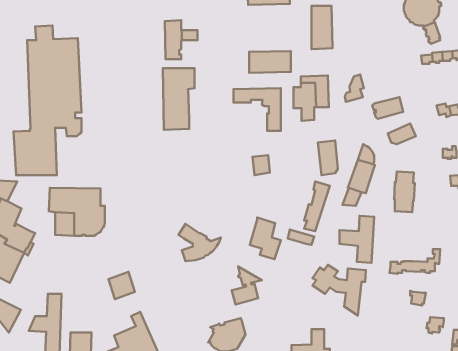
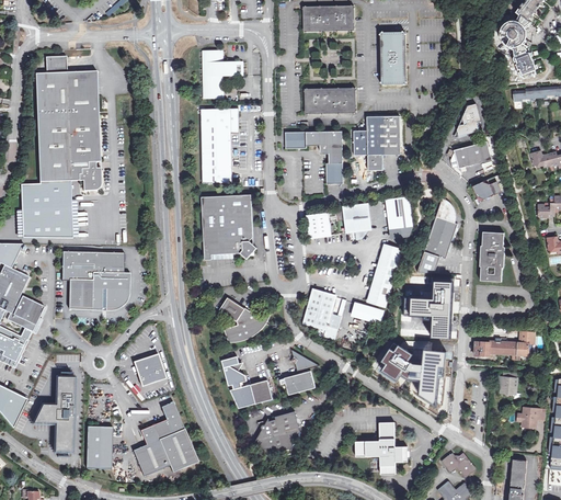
building: [345,75,364,102] -> [456,104,479,137]
building: none -> [201,194,256,259]
building: none -> [335,204,369,231]
building: none -> [222,361,272,407]

